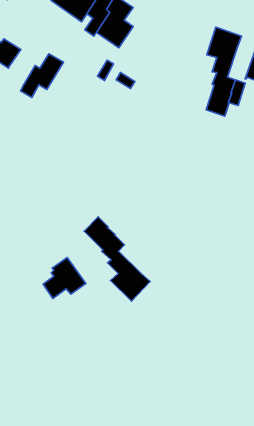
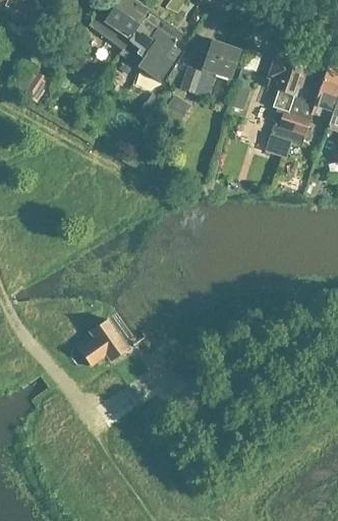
building: none -> [181,39,240,95]
building: [20,54,64,97] -> none
building: [84,217,150,301] -> none

